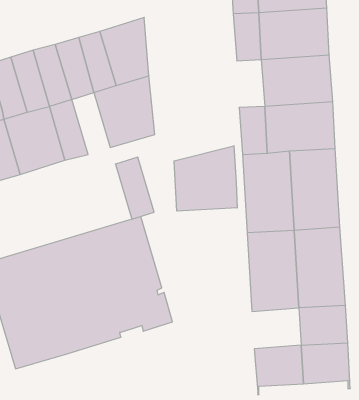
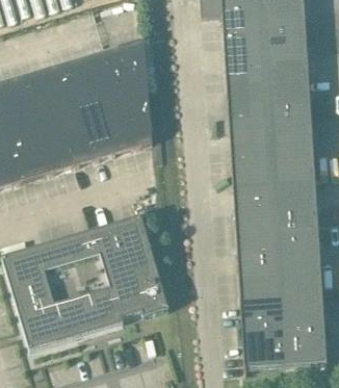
building: none -> [227,76,252,119]
building: [174,146,237,211] -> none
building: [115,157,154,219] -> [80,105,114,160]
building: none -> [240,296,284,333]

